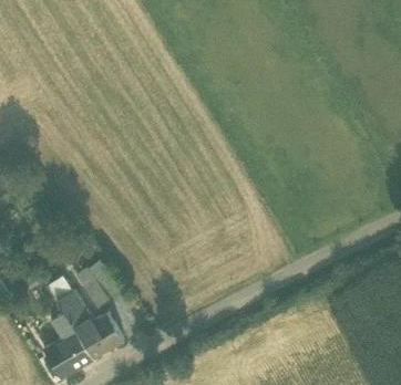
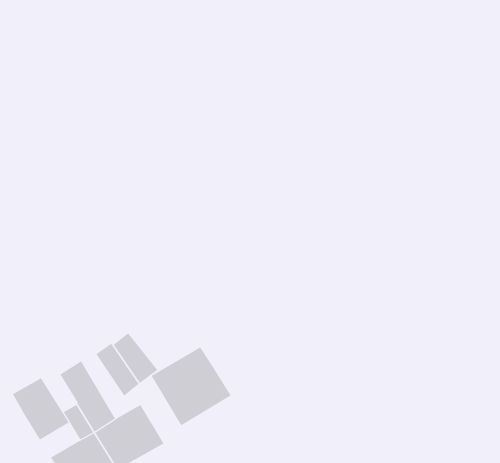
building: none -> [151,347,232,426]
building: none -> [12,377,69,441]

